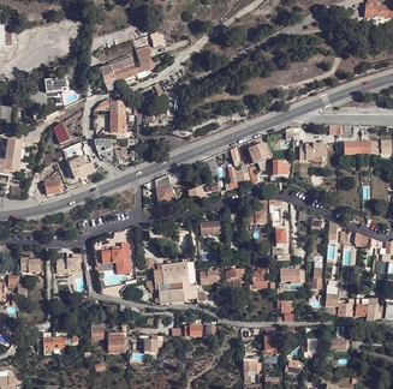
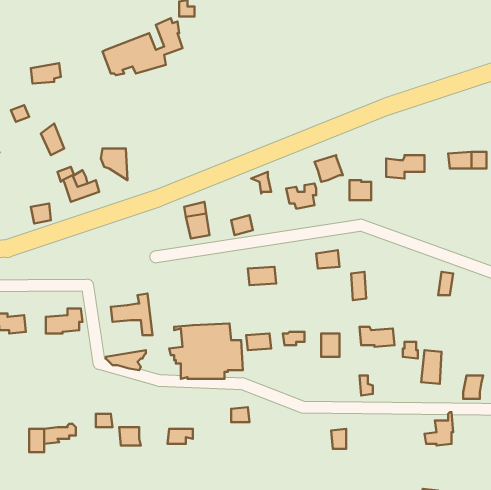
building: [95,97,125,130] -> none

